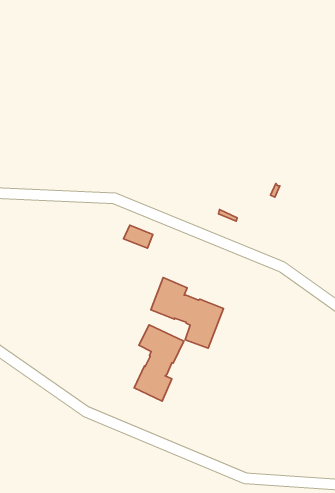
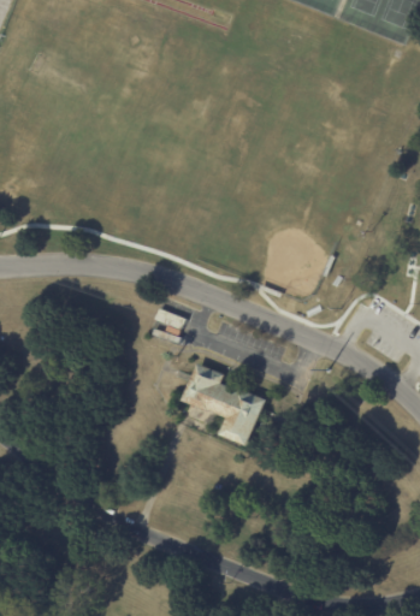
building: [134,325,184,401] -> none

